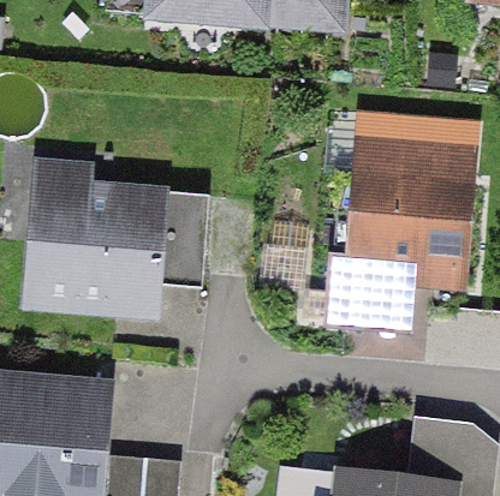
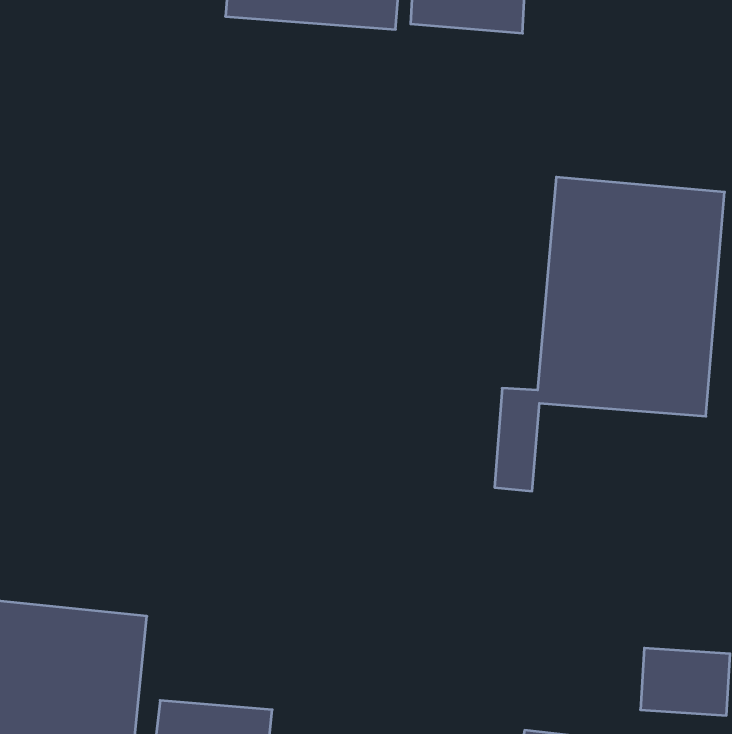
building: [30,195,208,309] -> none

